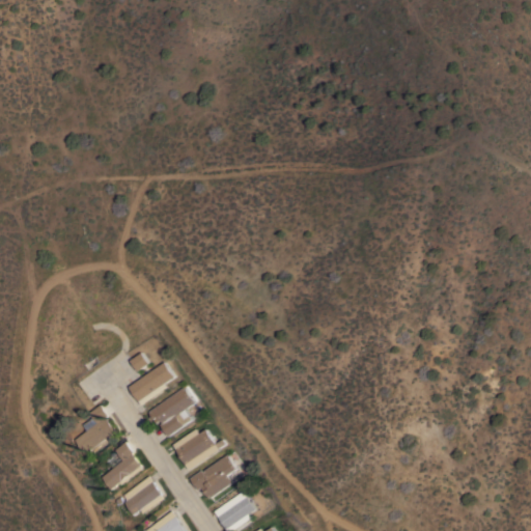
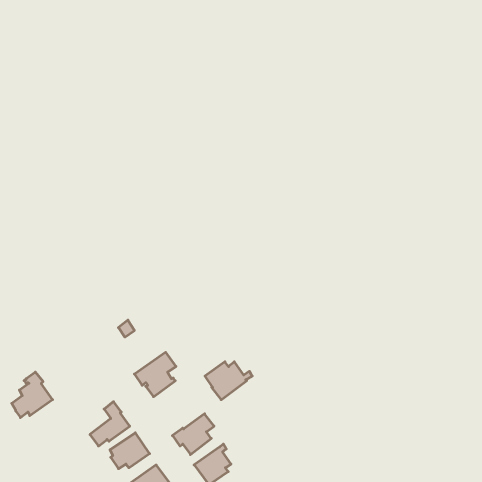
building: [128,363,172,406] -> none
building: [73,406,117,455] -> [12,372,53,418]
building: [171,429,223,471] -> [205,362,252,400]

